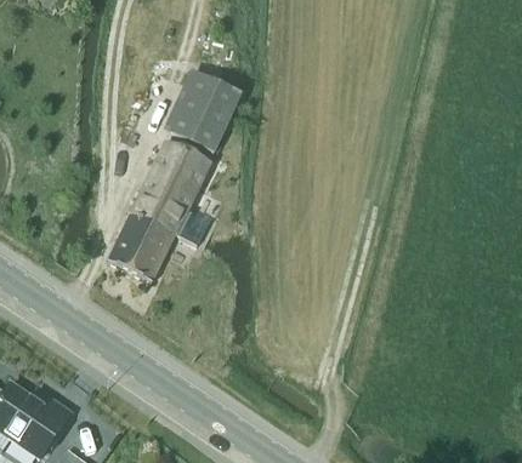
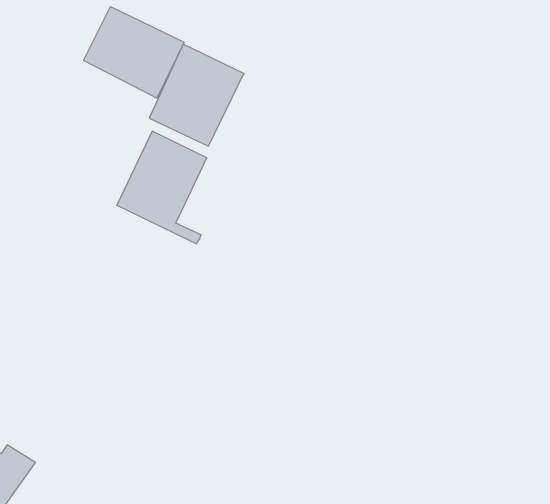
building: none -> [84,7,184,98]
building: [108,200,203,281] -> none

